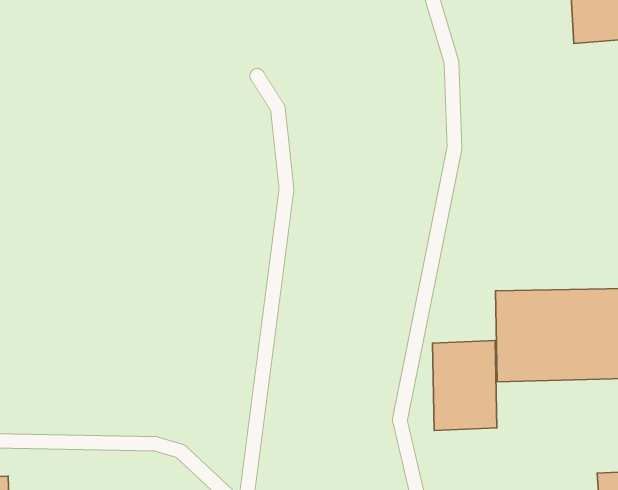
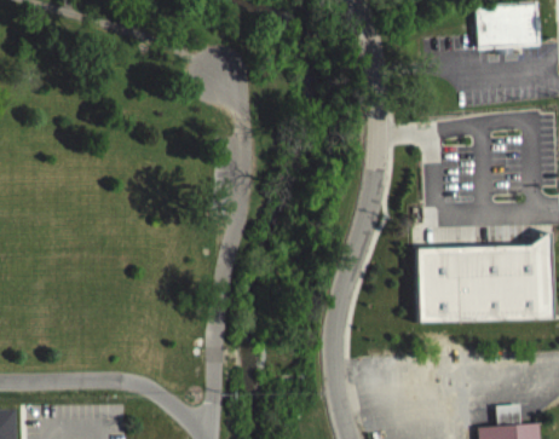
building: [433,340,497,431] -> none

